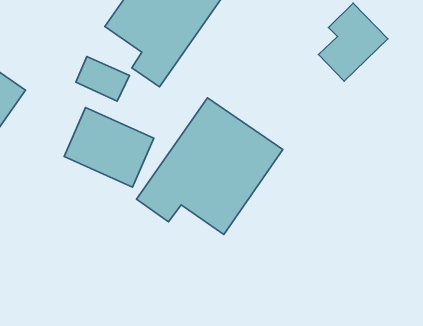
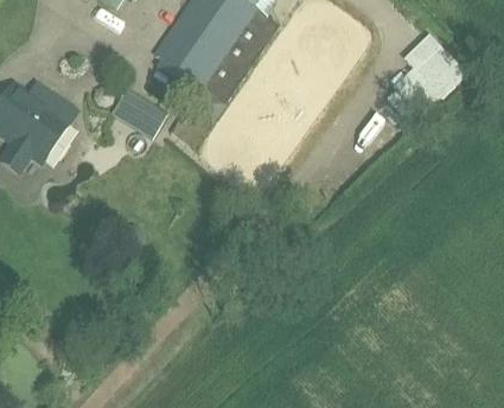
building: [137,98,283,234] -> none
building: [64,108,154,187] -> none

